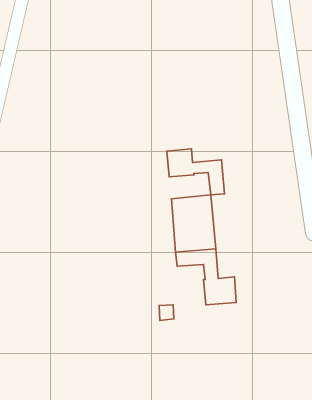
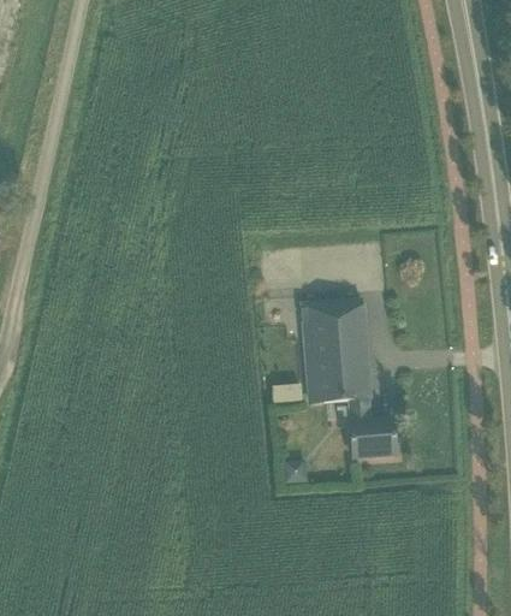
building: [167,149,225,195] -> none

